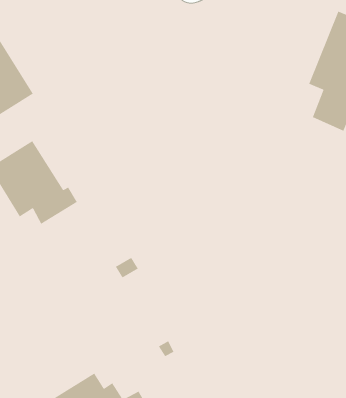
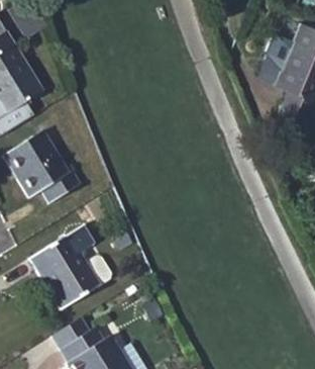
building: none -> [29,225,111,309]

